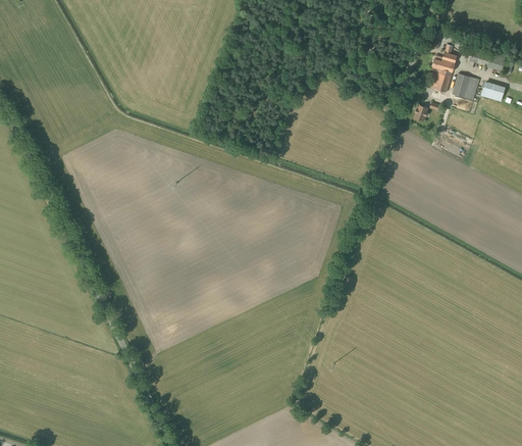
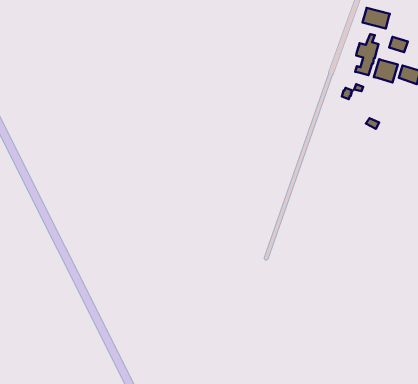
building: none -> [363,8,390,28]

